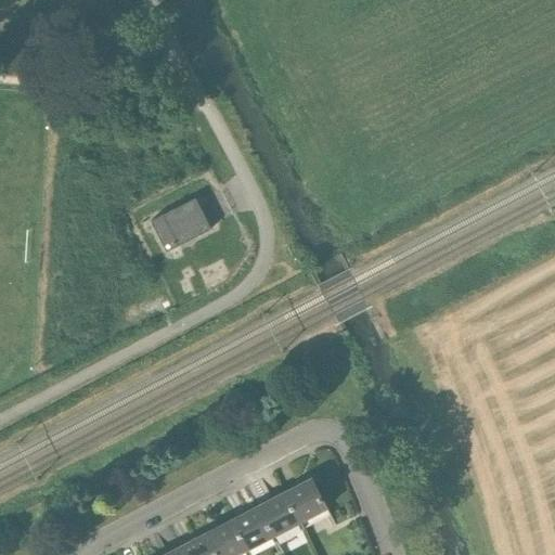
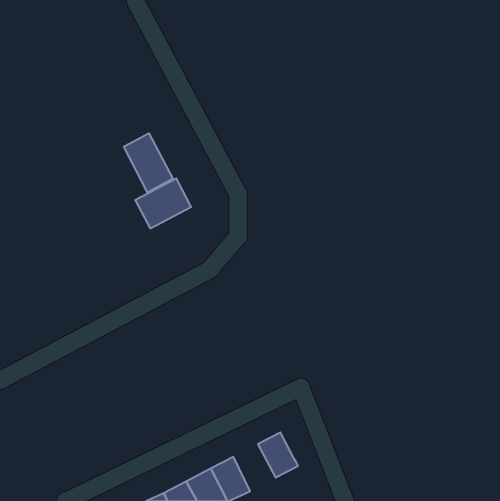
building: none -> [124,133,173,192]
building: [258,491,305,543] -> none

